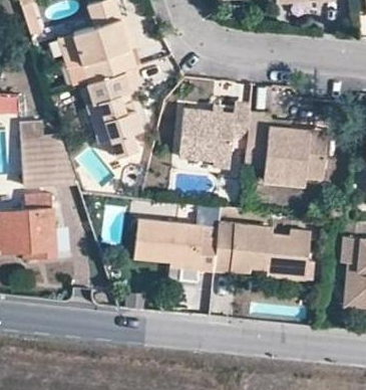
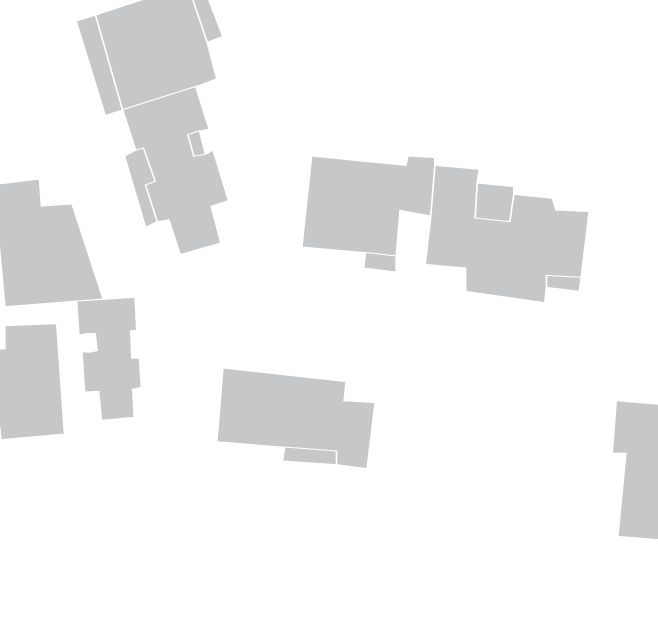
building: none -> [77,297,141,421]
building: [214,222,309,279] -> none

